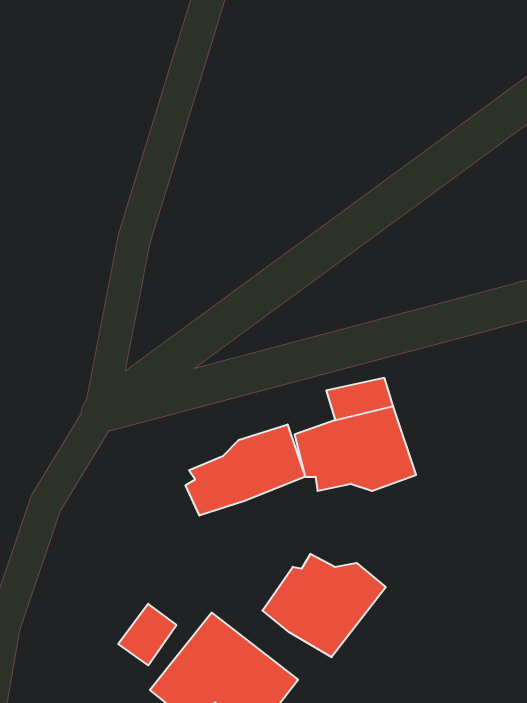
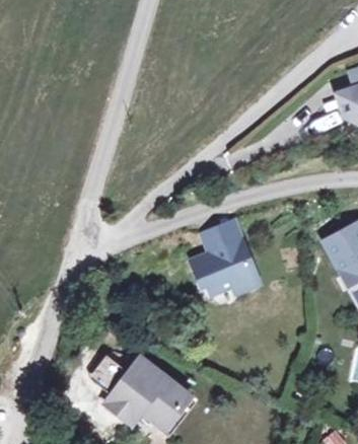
building: [186,424,305,516] -> none
building: [262,554,386,657] -> none

